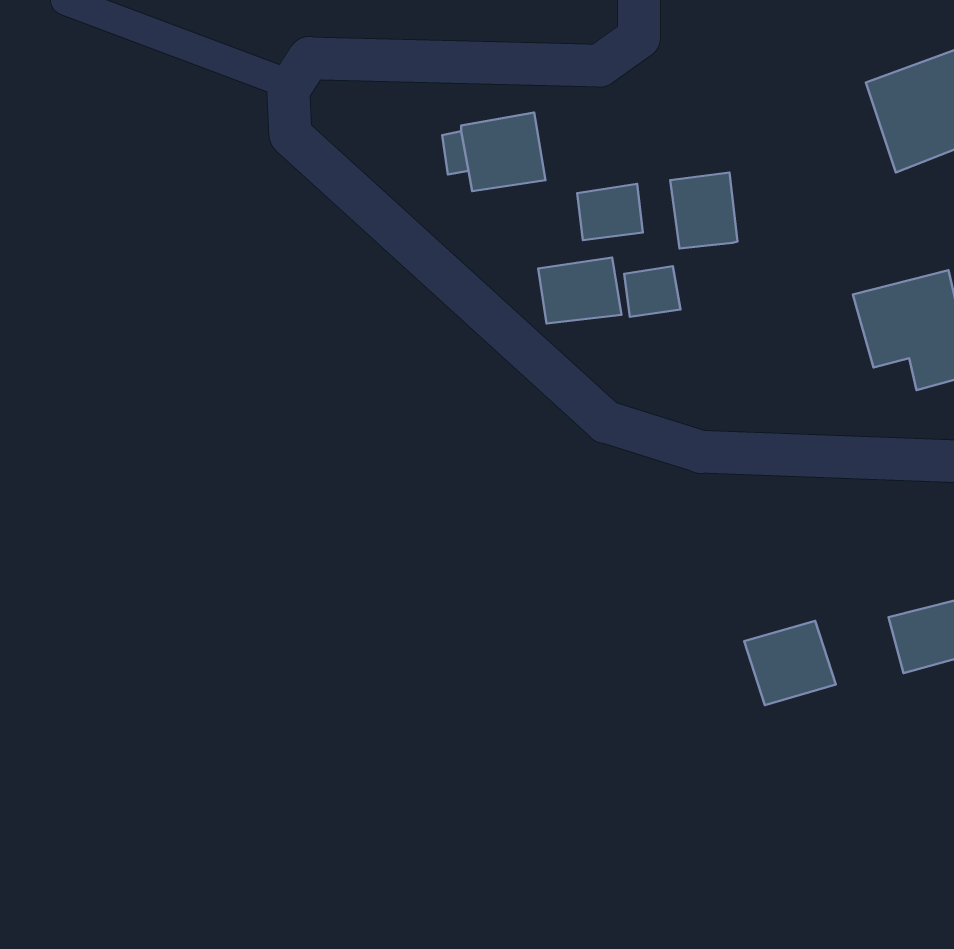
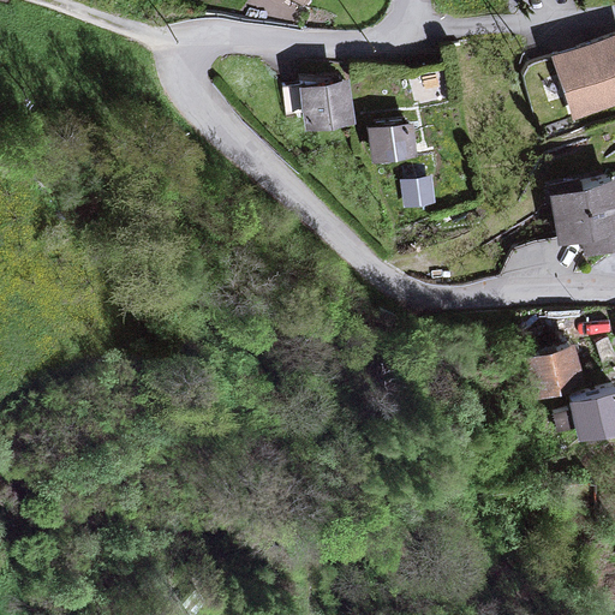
building: [670,173,737,248] -> none
building: [538,258,621,324] -> none
building: [744,621,836,705] -> [520,345,579,399]

